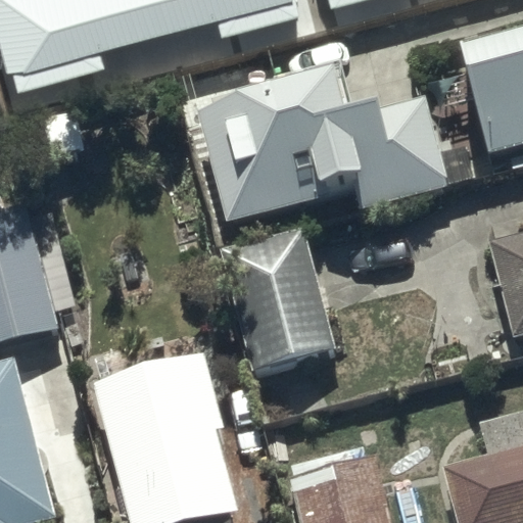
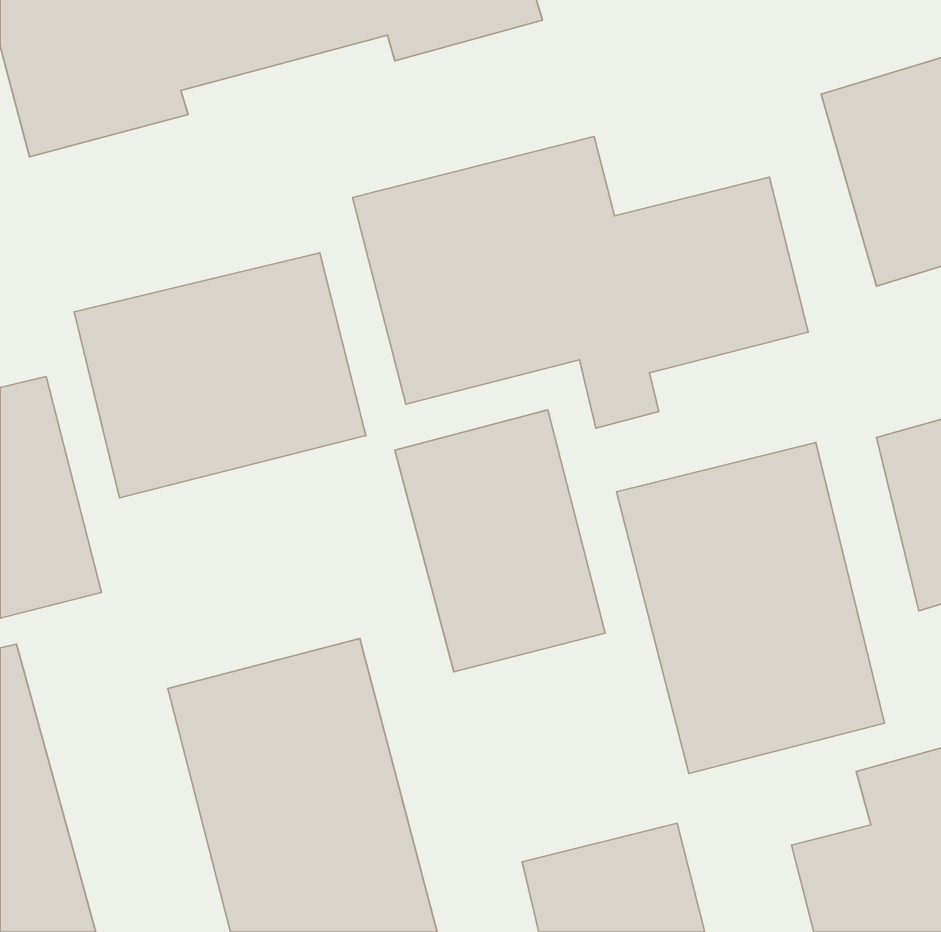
building: none -> [74,253,366,498]
building: none -> [617,442,885,773]

